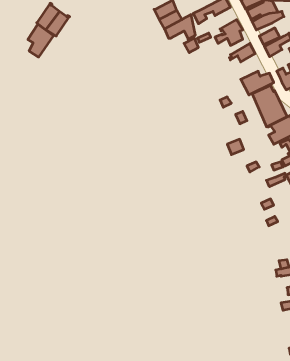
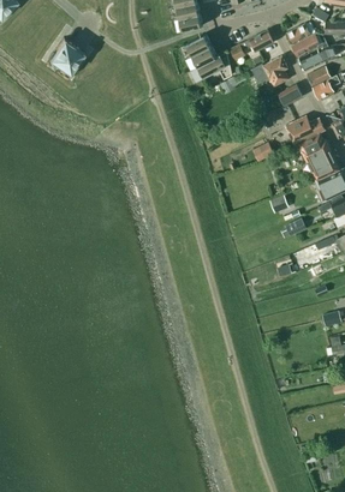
building: [28,24,53,57] -> none

